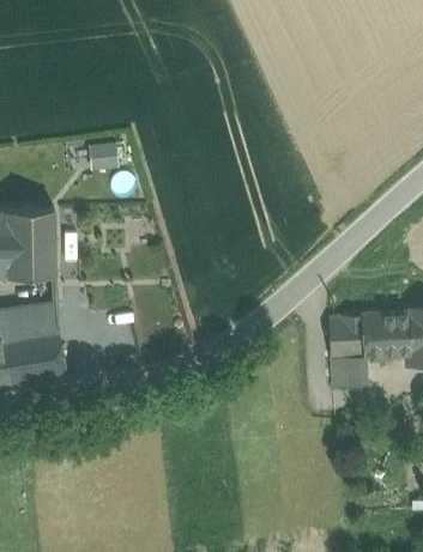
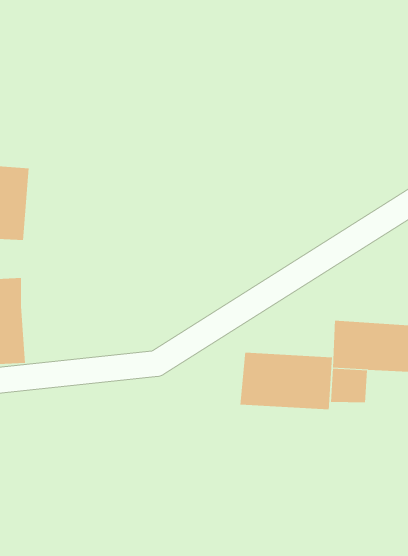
building: [85,141,115,169] -> none
building: none -> [240,352,333,410]

